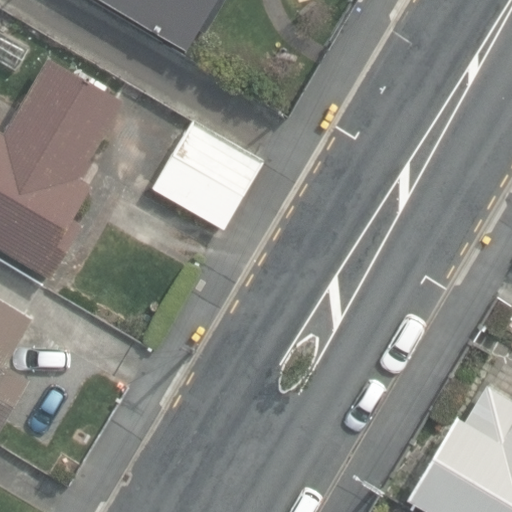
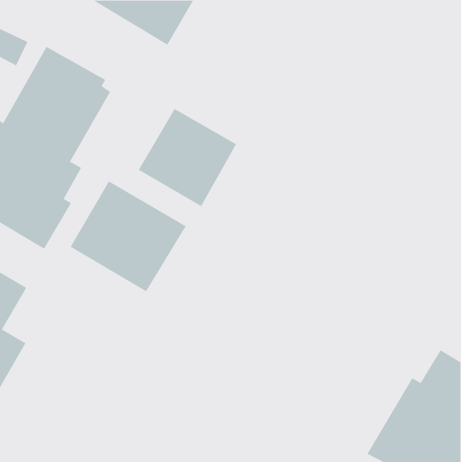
building: none -> [70,180,187,292]

